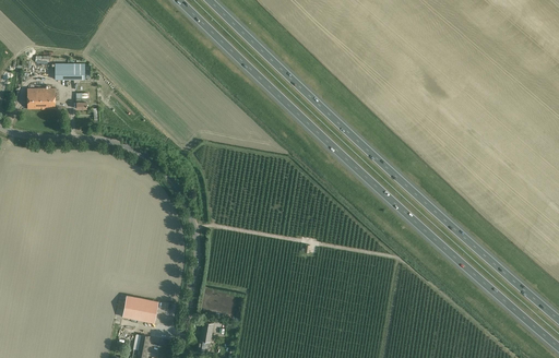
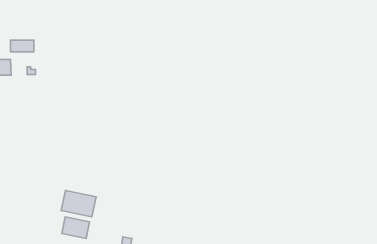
building: none -> [61,191,96,217]

